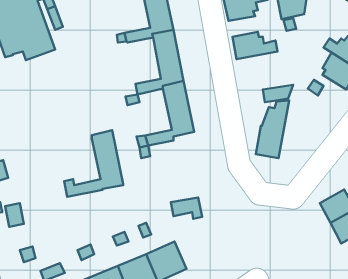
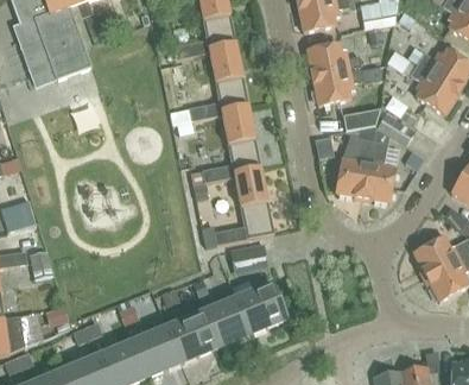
building: none -> [311,65,382,106]
building: none -> [362,112,416,202]
building: [64,130,123,197] -> [202,165,273,246]
building: none -> [236,283,286,332]

